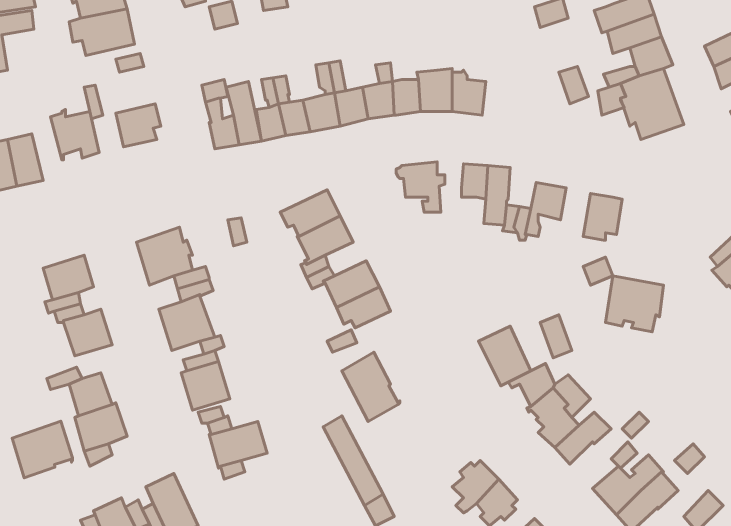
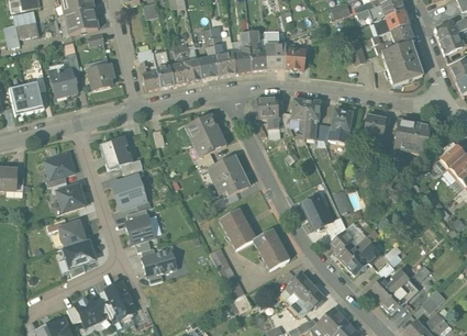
building: [605,276,663,332] -> [394,121,429,154]
building: none -> [254,229,289,269]
building: [12,421,73,478] -> none

